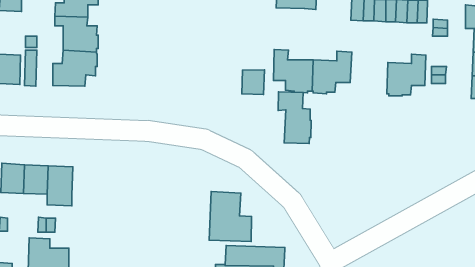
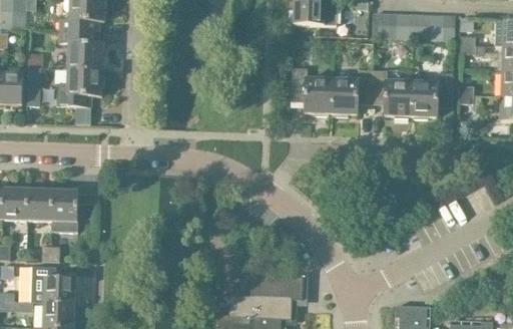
building: none -> [372,70,412,116]
building: [242,70,264,94] -> none
building: [278,92,311,144] -> none
building: [209,191,252,241] -> none

